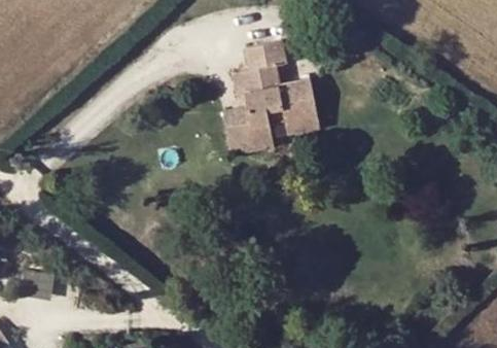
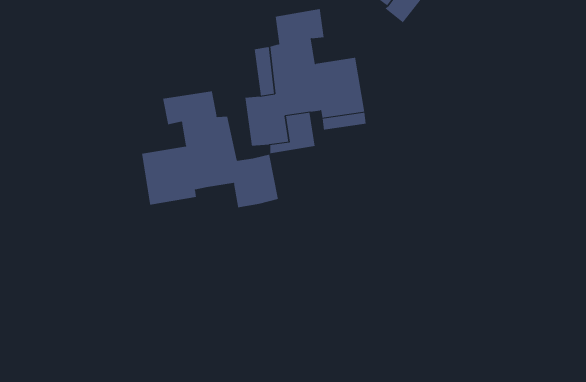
building: none -> [142,90,278,208]

